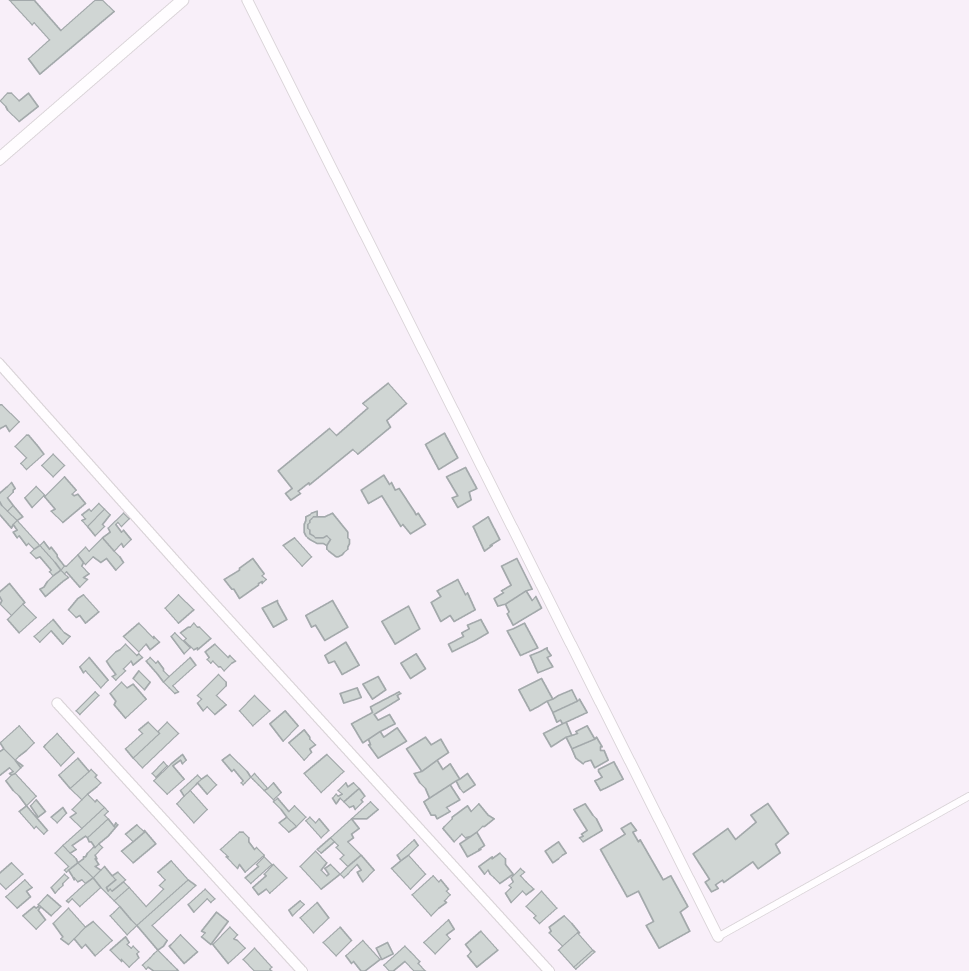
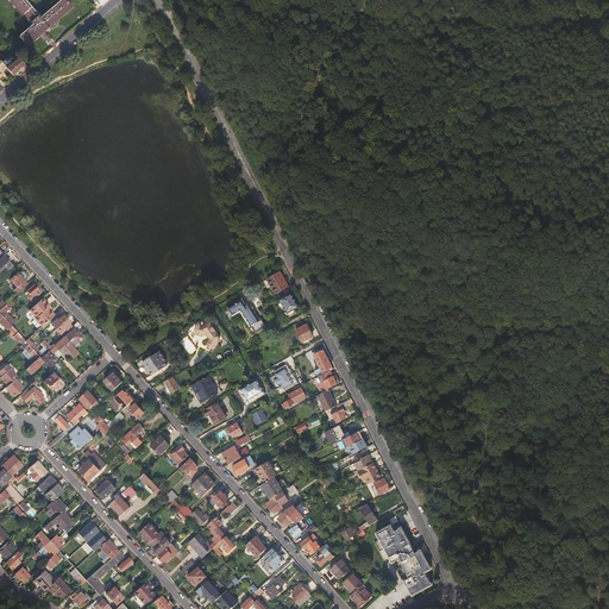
building: [278,383,406,500] -> none
building: [693,803,788,892] -> none

